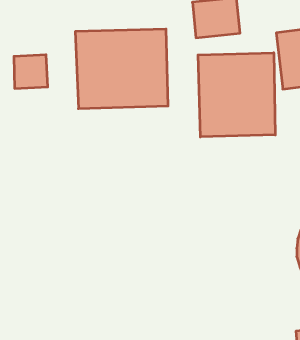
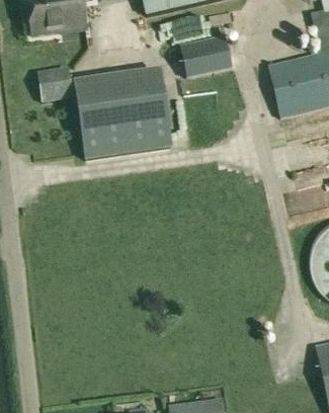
building: [198,53,275,137] -> none
building: [14,55,48,88] -> [38,66,74,101]

